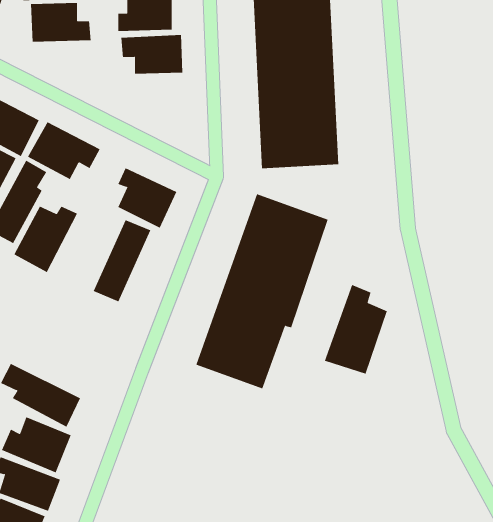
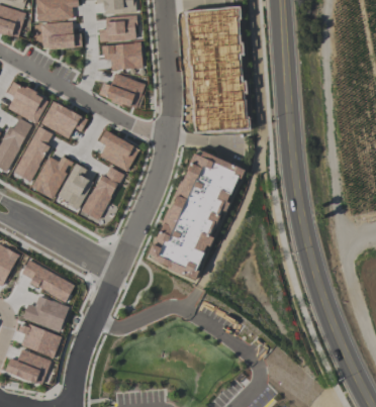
building: none -> [98,74,145,109]
building: none -> [59,164,92,208]
building: [324,284,388,375] -> none

